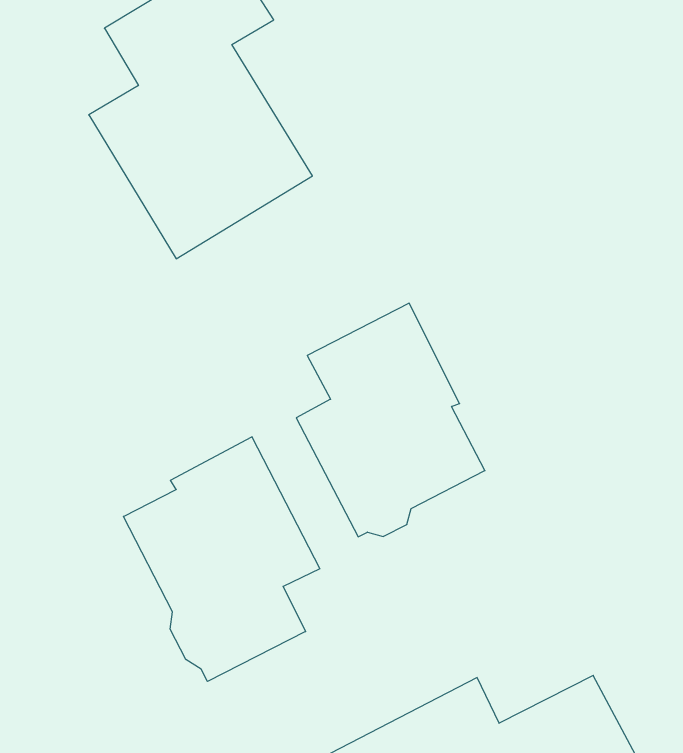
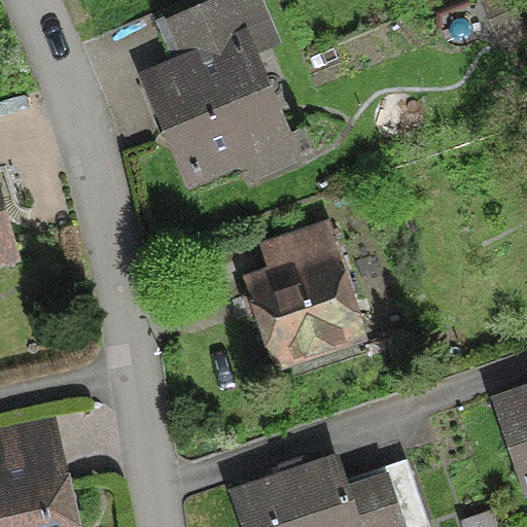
building: [123,437,320,681] -> none

